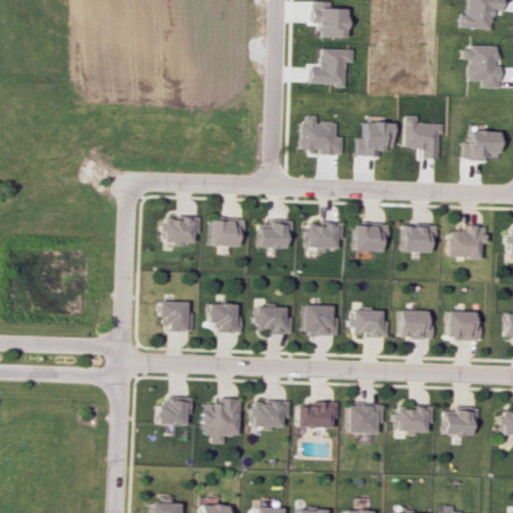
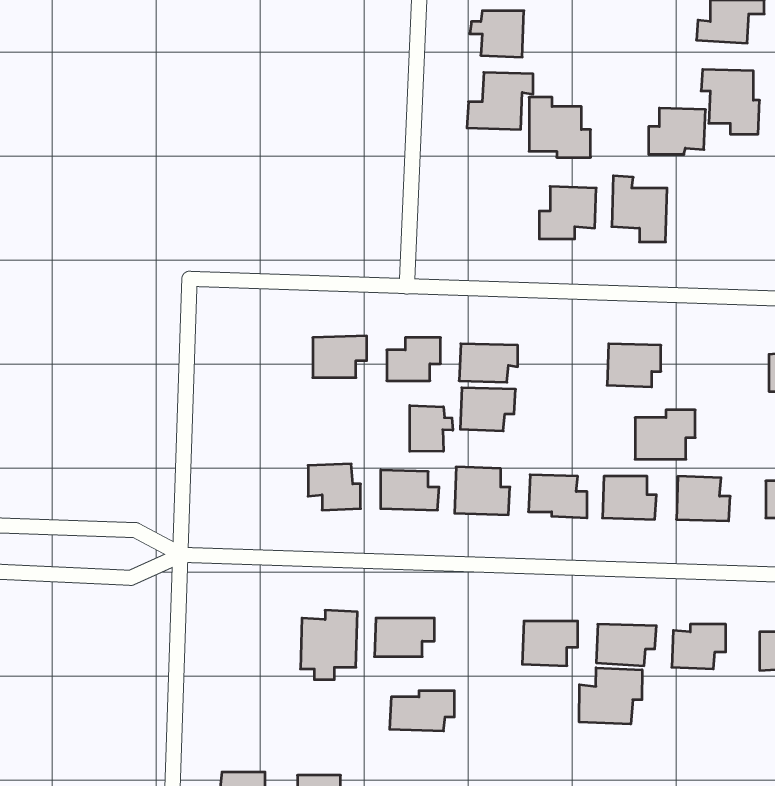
building: [304,115,344,154] -> [529,97,591,157]
building: [464,130,501,160] -> [649,108,706,154]
building: [162,218,201,242] -> none
building: [355,223,391,251] -> [460,388,516,431]
building: [448,225,487,258] -> [635,410,695,459]
building: none -> [410,405,453,451]
building: [159,302,193,332] -> none
building: [156,397,192,426] -> none
building: [297,402,339,428] -> [390,691,454,731]
building: none -> [579,668,642,724]

